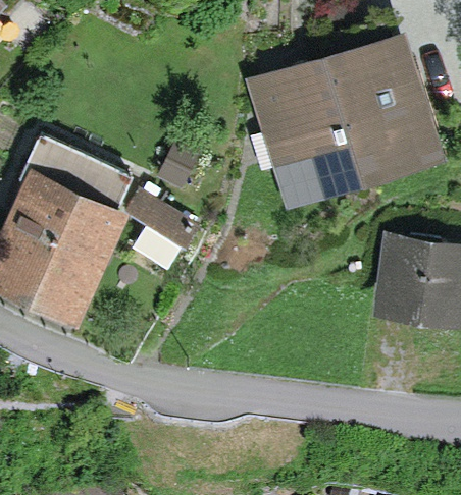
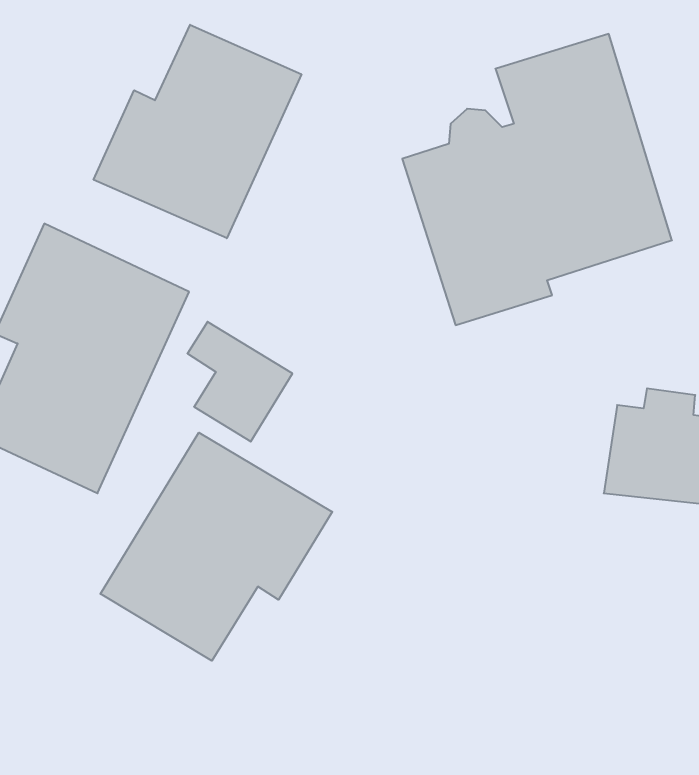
building: none -> [94,25,301,238]
building: none -> [100,433,332,661]

